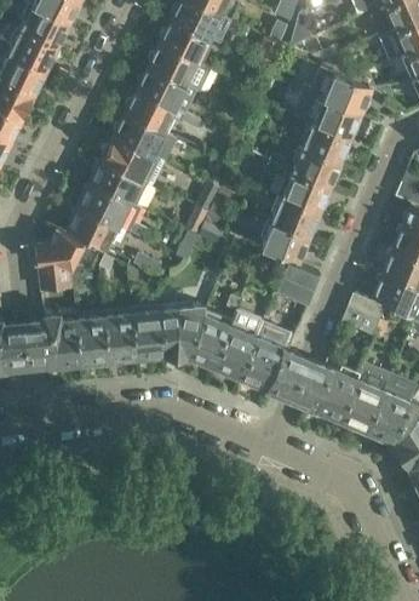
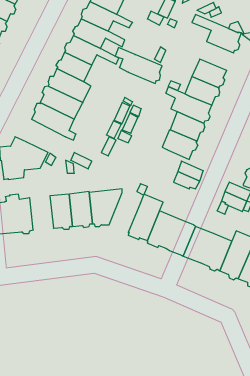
building: [294,91,360,141] -> [115,48,162,83]
building: [67,208,116,251] -> none
building: [186,314,230,366] -> none
building: [76,315,109,365] -> none

